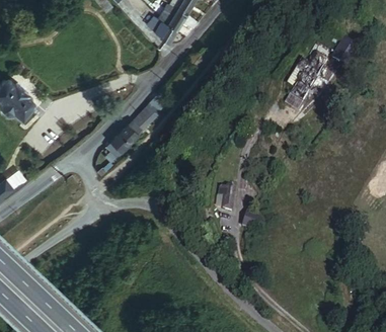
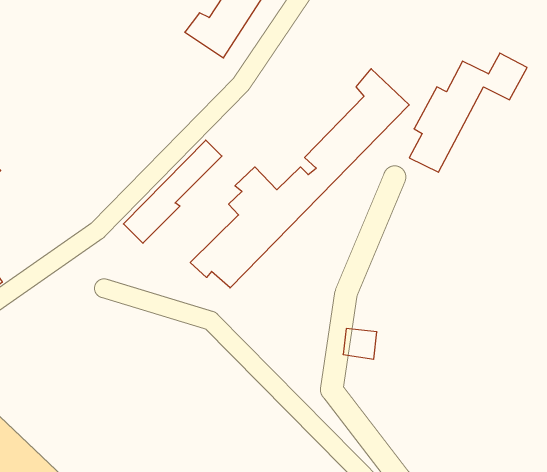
building: none -> [190,69,409,288]
building: [216,183,238,209] -> none

